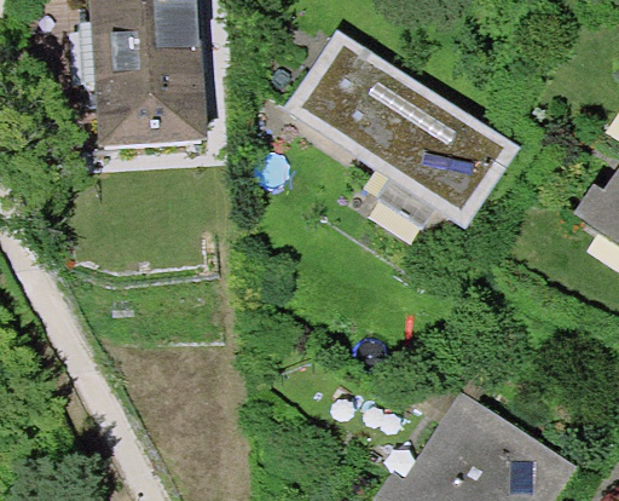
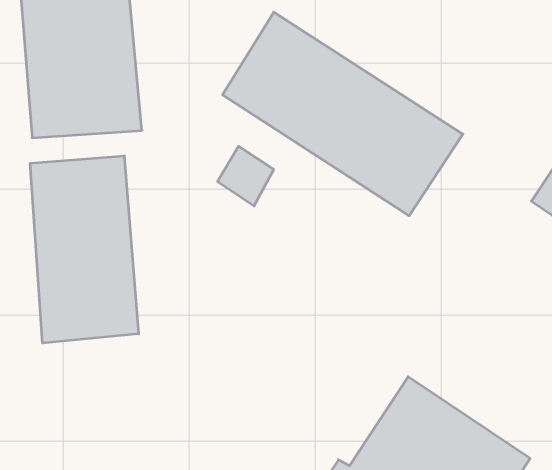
building: none -> [30,156,139,343]

